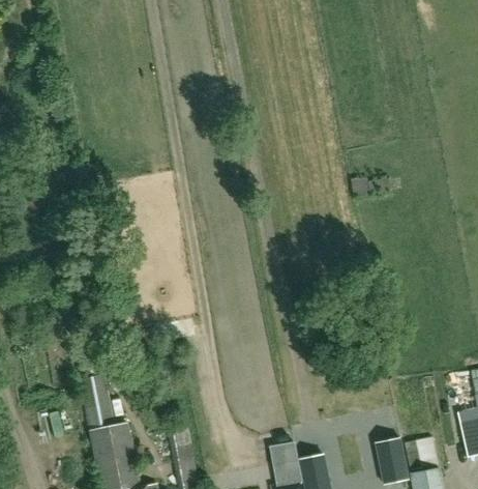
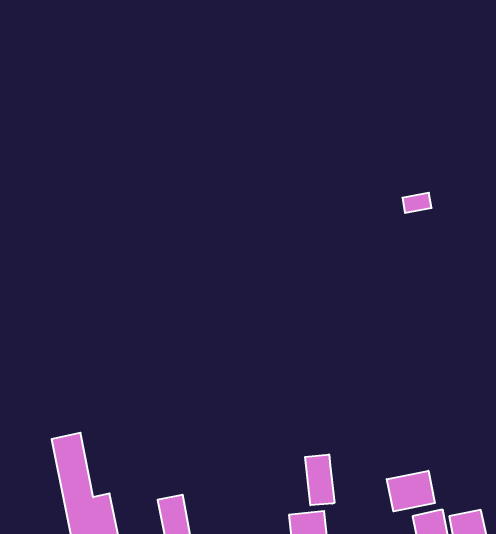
building: none -> [305,454,334,505]
building: none -> [387,471,435,511]

